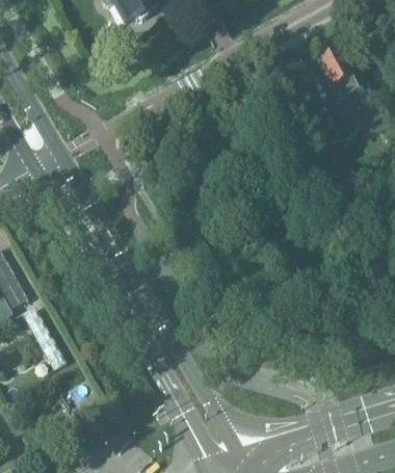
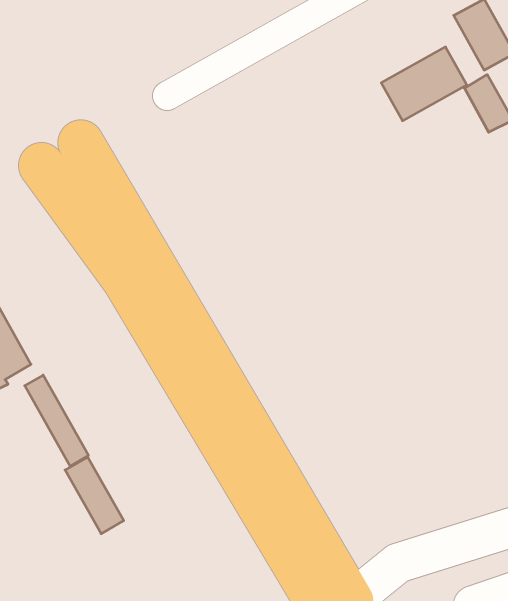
building: none -> [381,47,467,121]
building: none -> [65,457,124,534]

